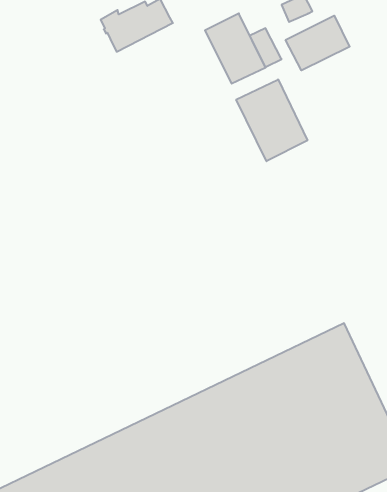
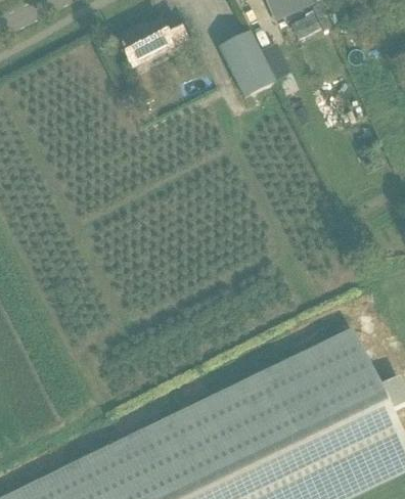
building: [286,16,350,70] -> none
building: [236,79,307,161] -> none

